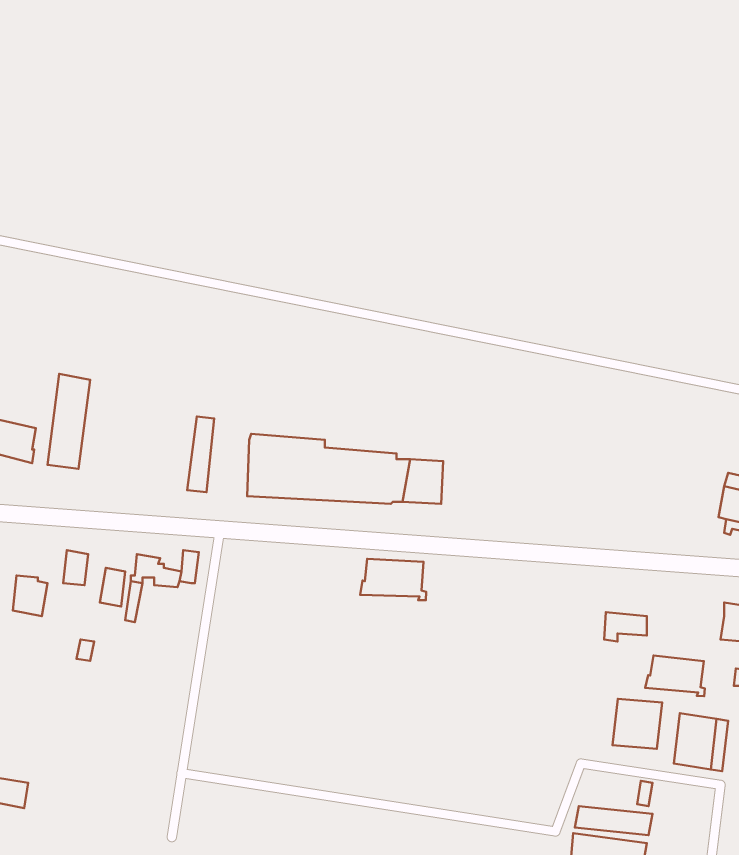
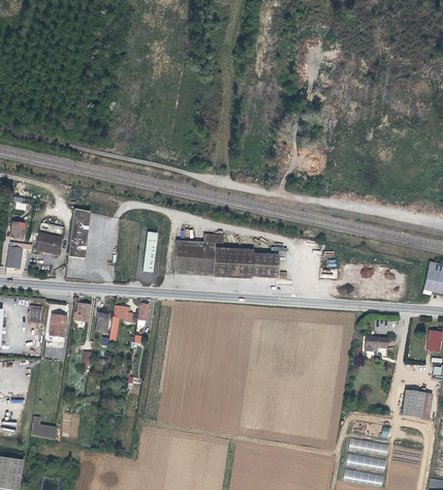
building: [360,559,426,600] -> none
building: [645,655,705,696] -> none
building: [613,699,662,749] -> none

